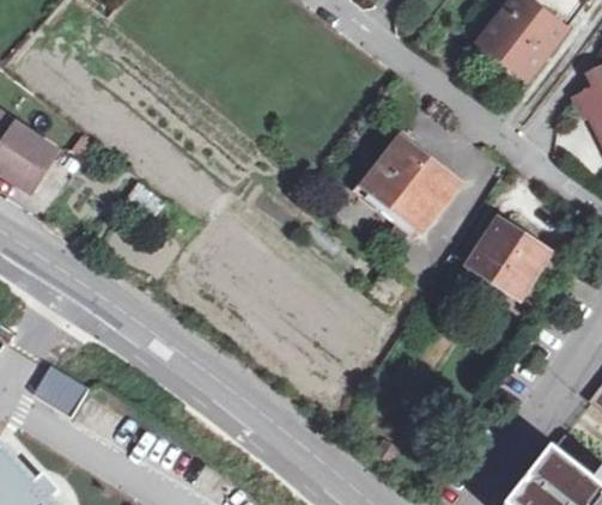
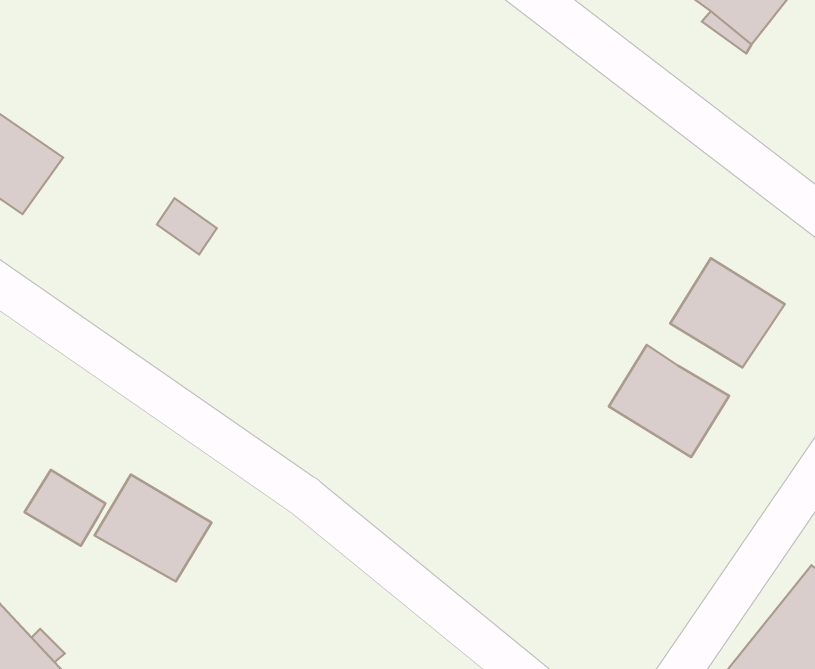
building: [358,140,457,239] -> none
building: none -> [609,345,729,457]
building: none -> [94,475,212,581]

